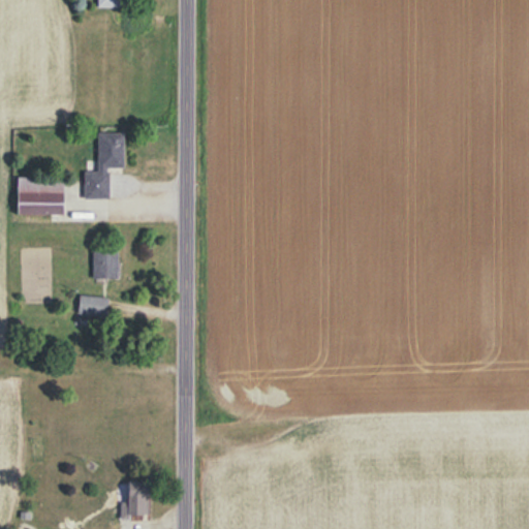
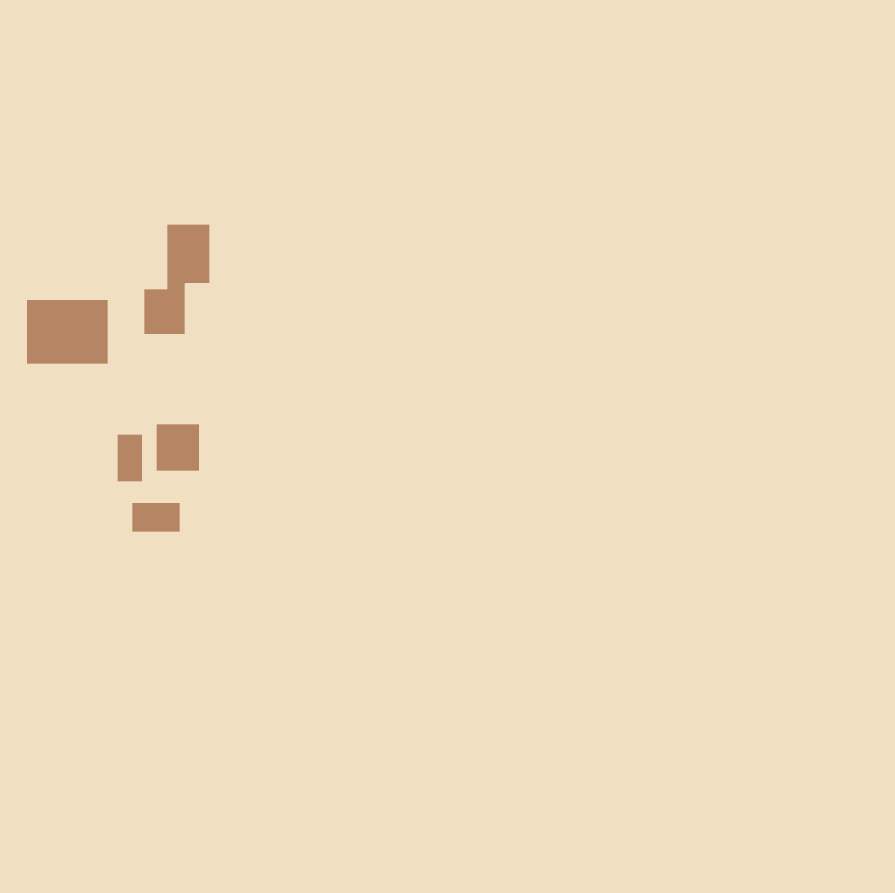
building: none -> [117,434,142,482]
building: [121,483,150,519] -> none

